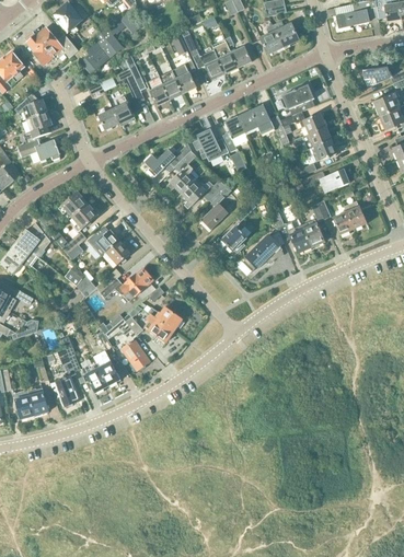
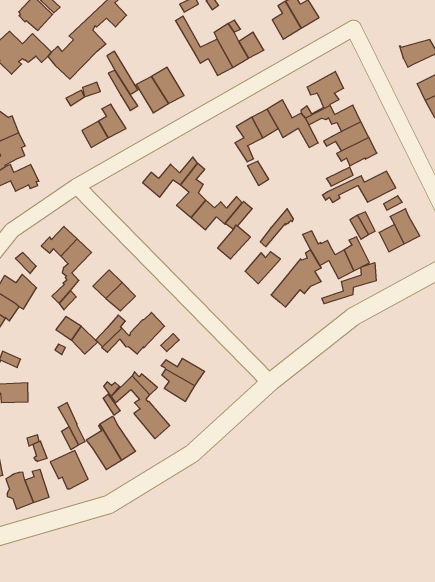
building: [171,50,195,94] -> none
building: [196,129,228,158] -> none
building: none -> [322,263,376,304]

